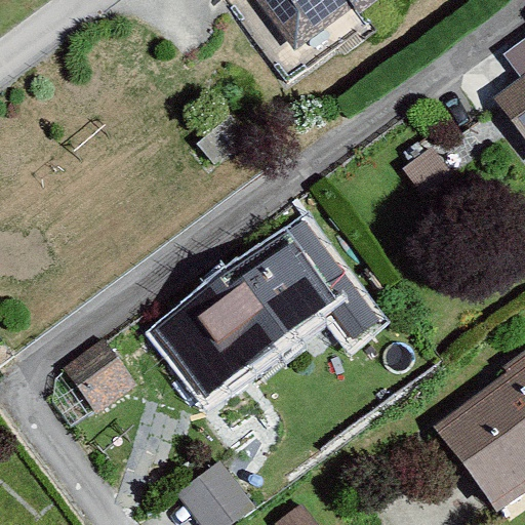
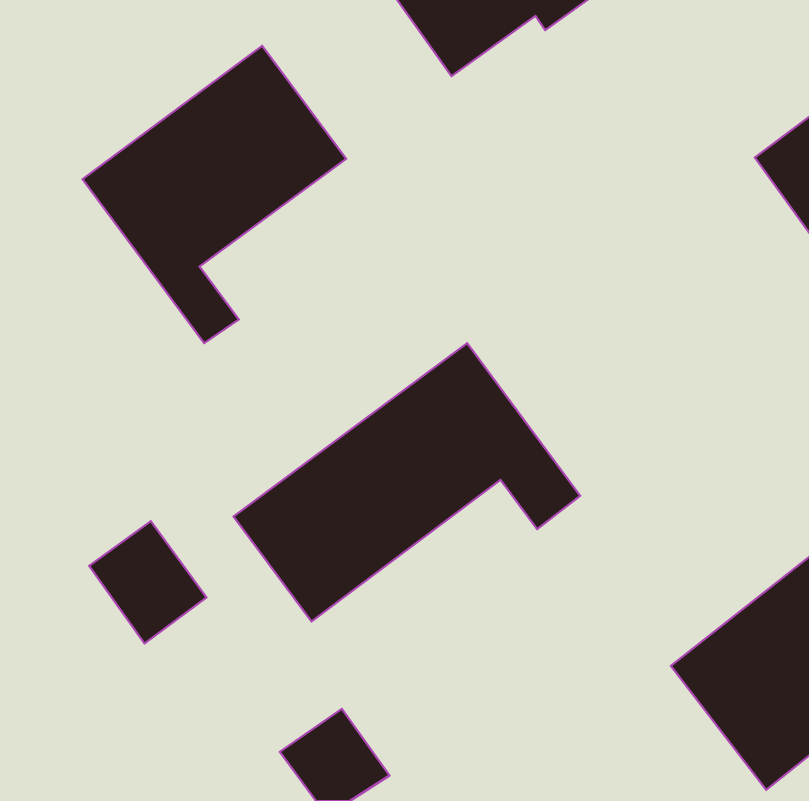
building: none -> [82,46,346,343]

